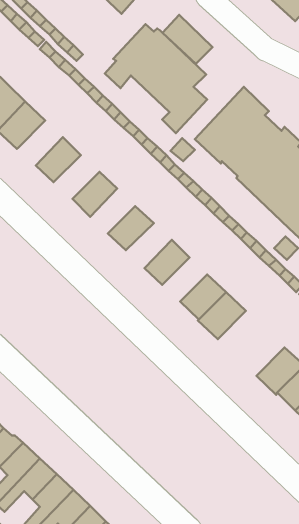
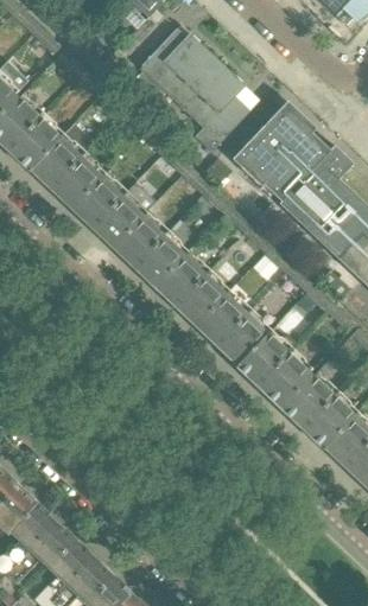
building: [163,15,213,64] -> none
building: none -> [32,138,83,189]
building: none -> [72,177,125,227]
building: none -> [114,215,165,266]
building: none -> [154,254,207,305]
building: none -> [196,293,247,343]
building: none -> [259,353,335,427]

